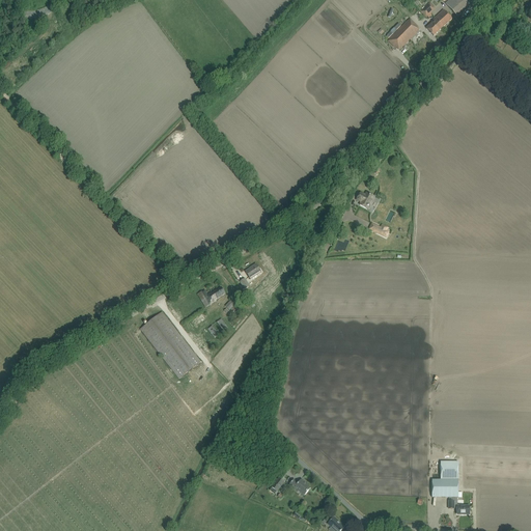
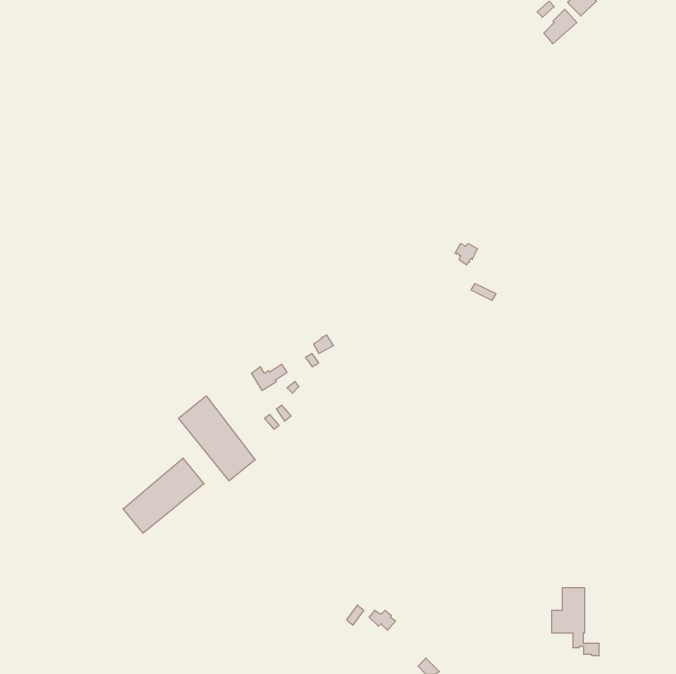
building: [388,17,419,48] -> none
building: none -> [123,458,204,533]

